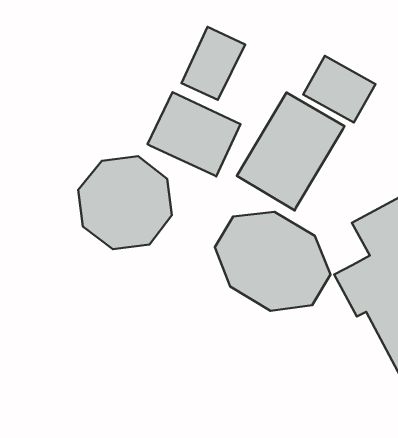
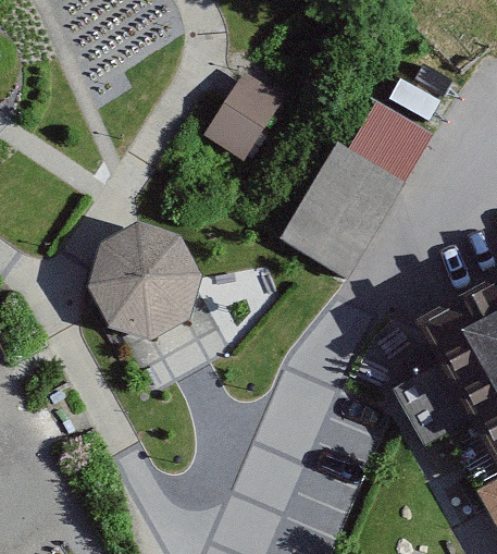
building: [148,92,240,177] -> none
building: [215,212,330,311] -> none

